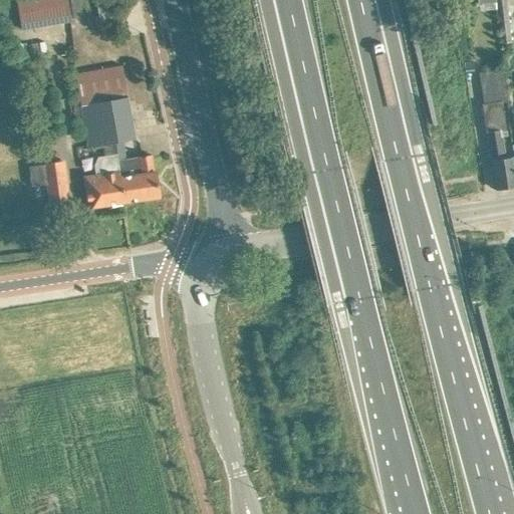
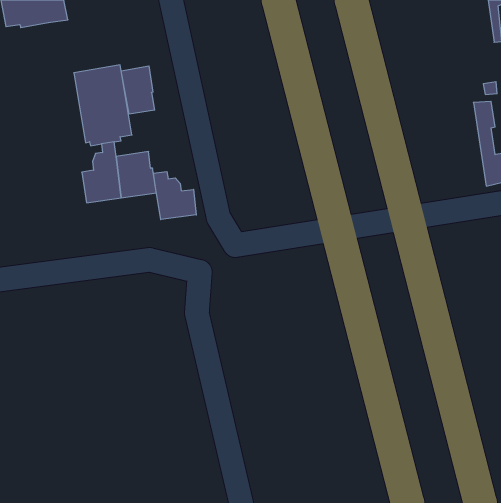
building: none -> [121,66,155,114]
building: [32,161,71,203] -> none
building: none -> [154,172,196,220]

